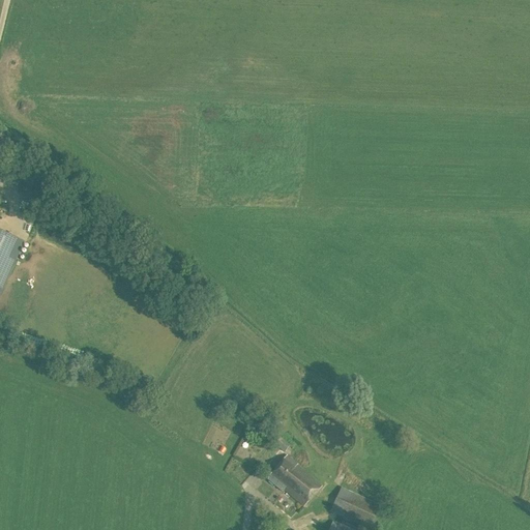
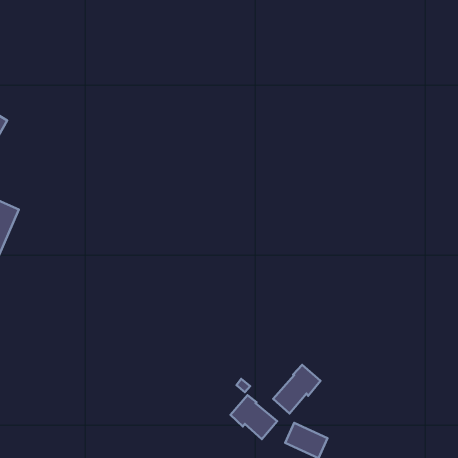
building: none -> [273,365,321,414]

